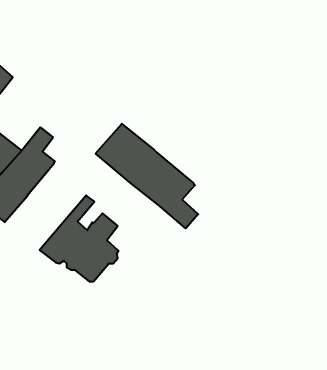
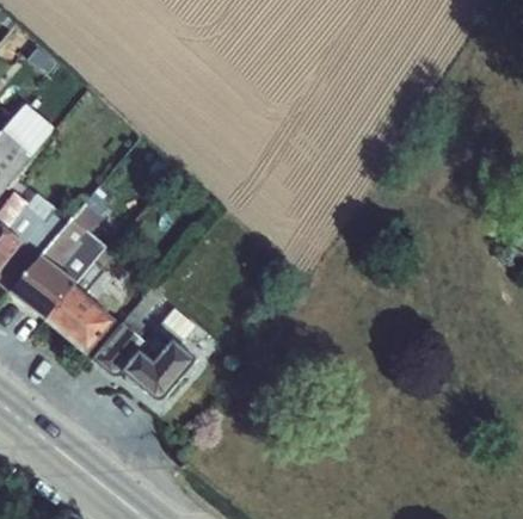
building: [96,124,198,228] -> none
building: none -> [43,240,117,353]

